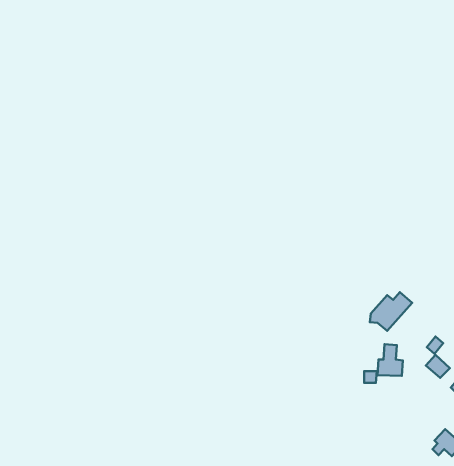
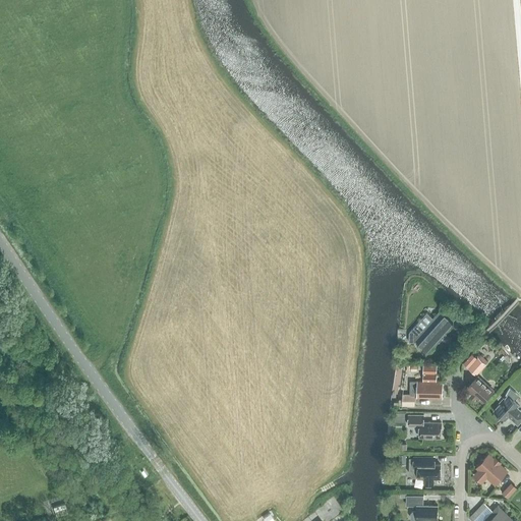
building: none -> [408,416,441,439]
building: none -> [409,457,440,485]

